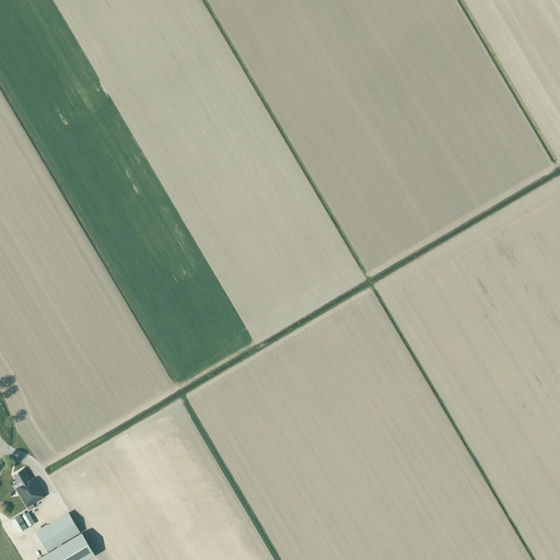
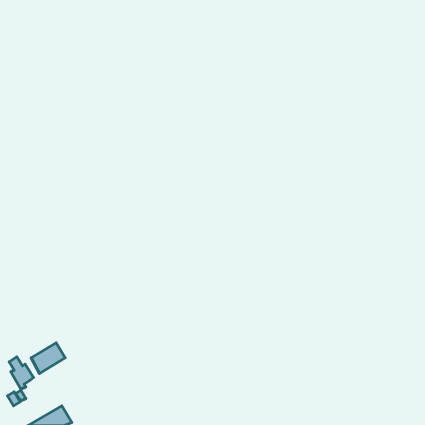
building: [35,513,80,553] -> [31,343,65,374]

